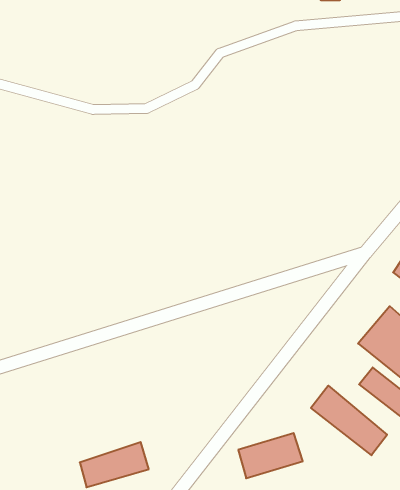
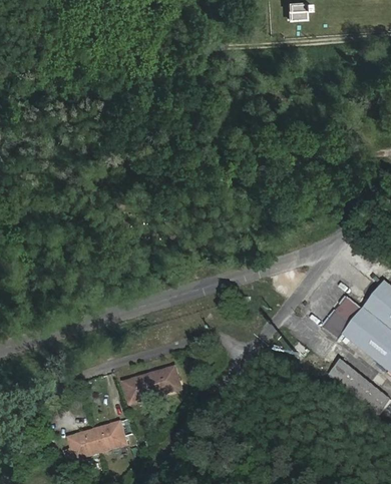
building: [311,386,387,455] -> none
building: [238,433,303,478] -> [129,363,186,403]

